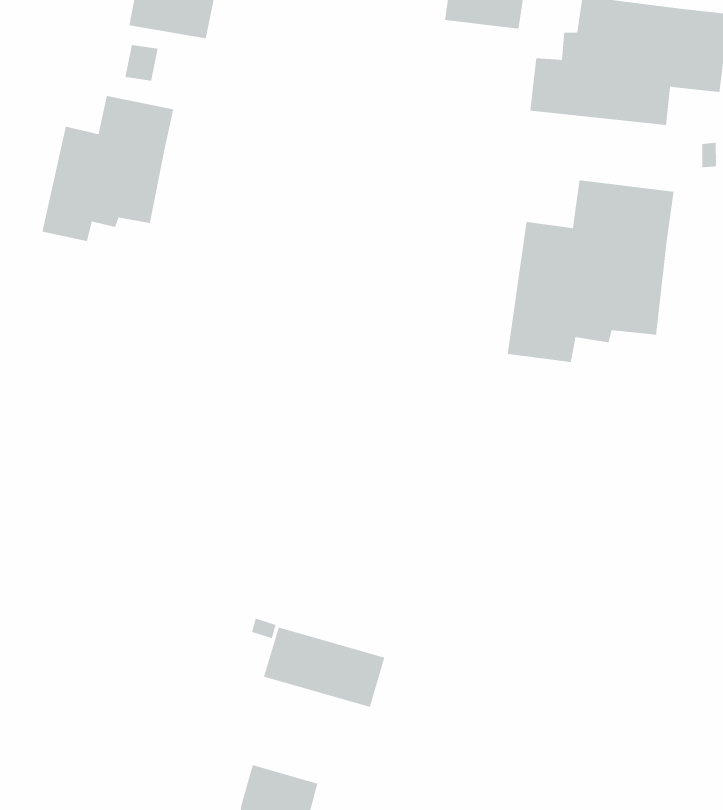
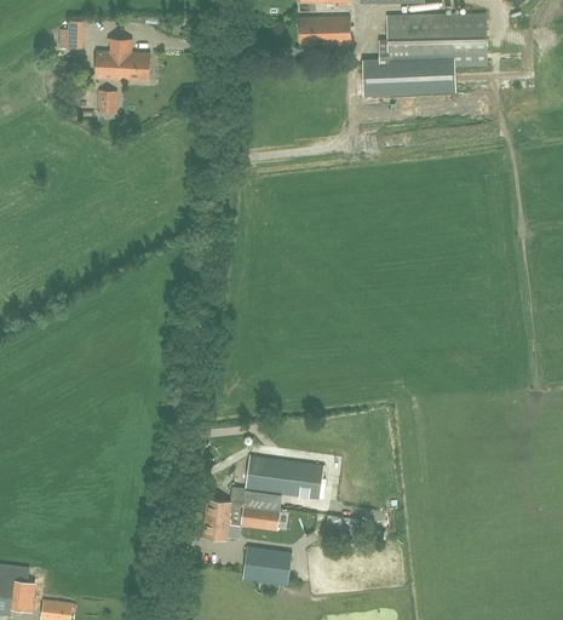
building: [42,95,174,242] -> none
building: [507,180,674,363] -> none
building: none -> [202,498,280,539]

